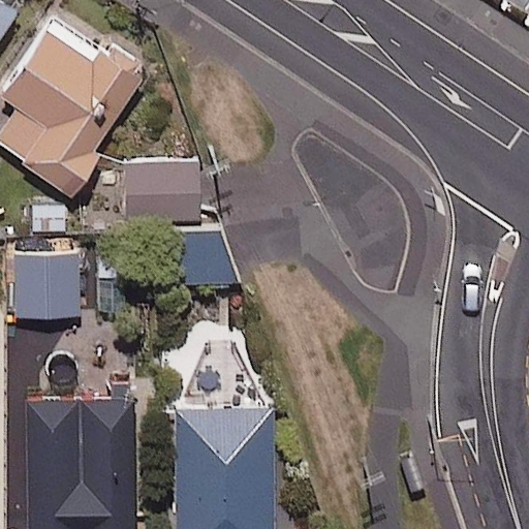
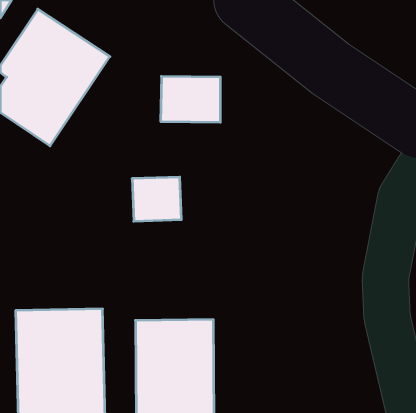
building: [125,165,200,223] -> [161,76,220,122]
building: [19,255,80,318] -> none

